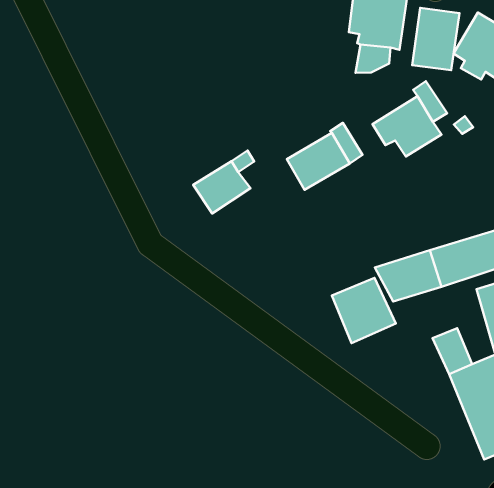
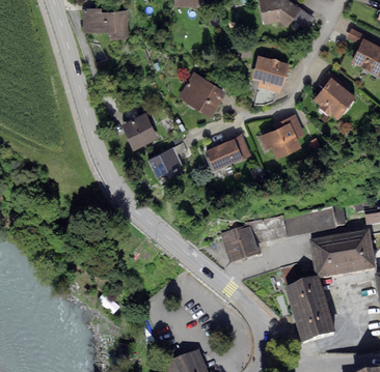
building: [412,8,459,70] -> none
building: none -> [178,70,226,115]
building: none -> [121,112,158,149]

